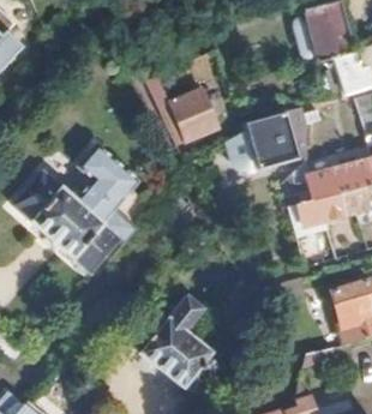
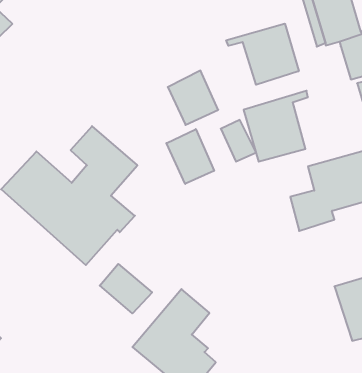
building: none -> [226,24,299,85]
building: none -> [166,129,214,184]
building: none -> [100,264,152,313]

